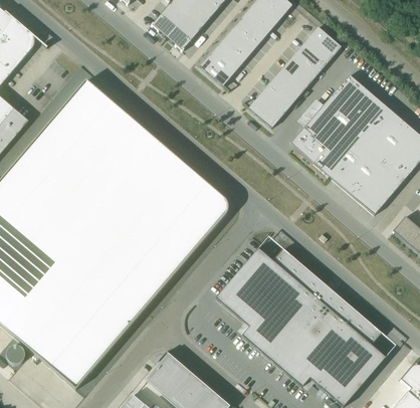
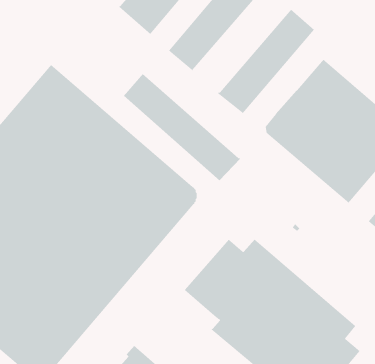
building: none -> [123,73,241,181]

